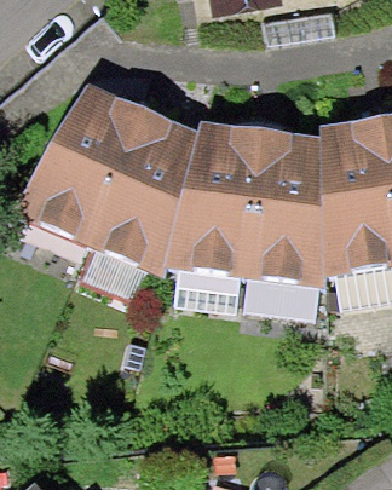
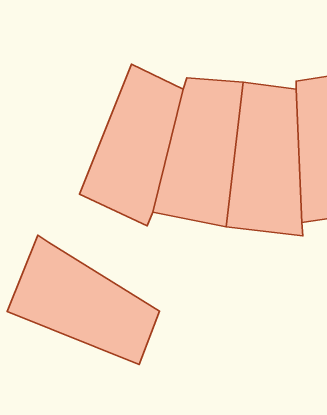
building: [10,86,144,247] -> none
building: none -> [7,235,160,364]

